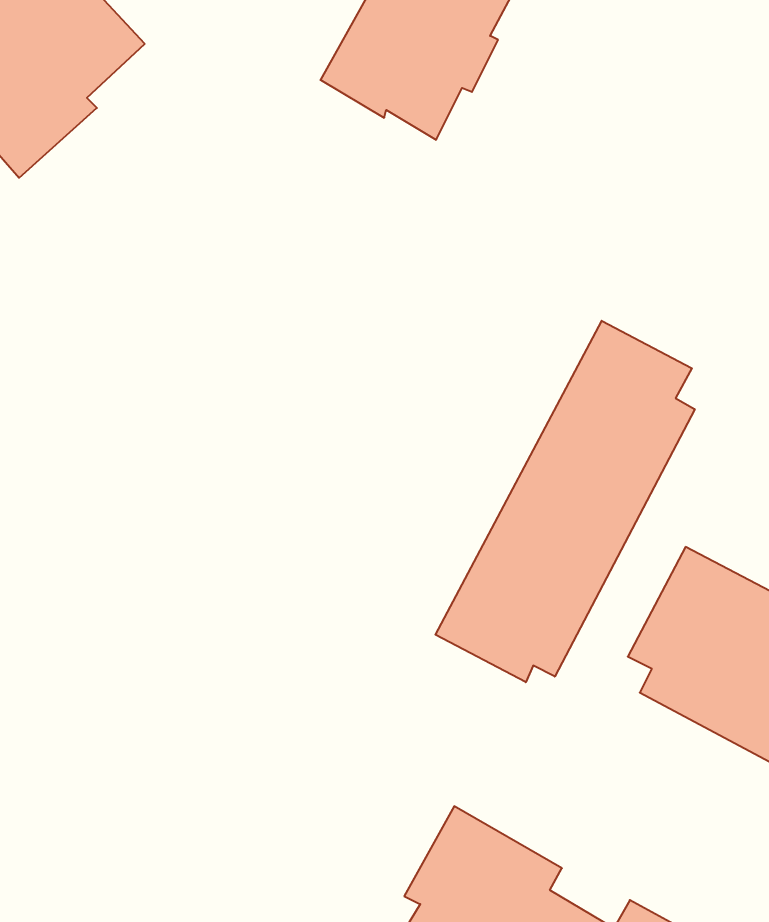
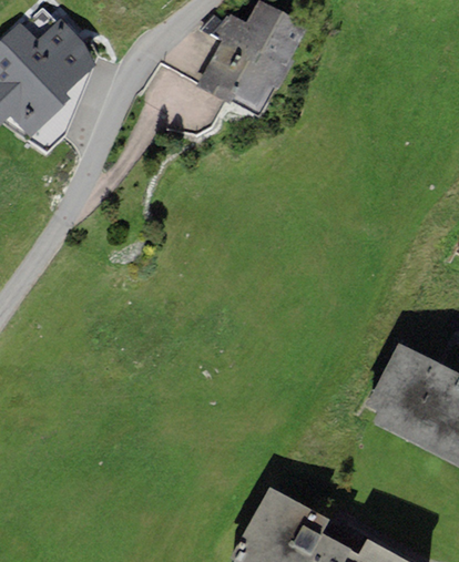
building: [435,321,695,682] -> none

